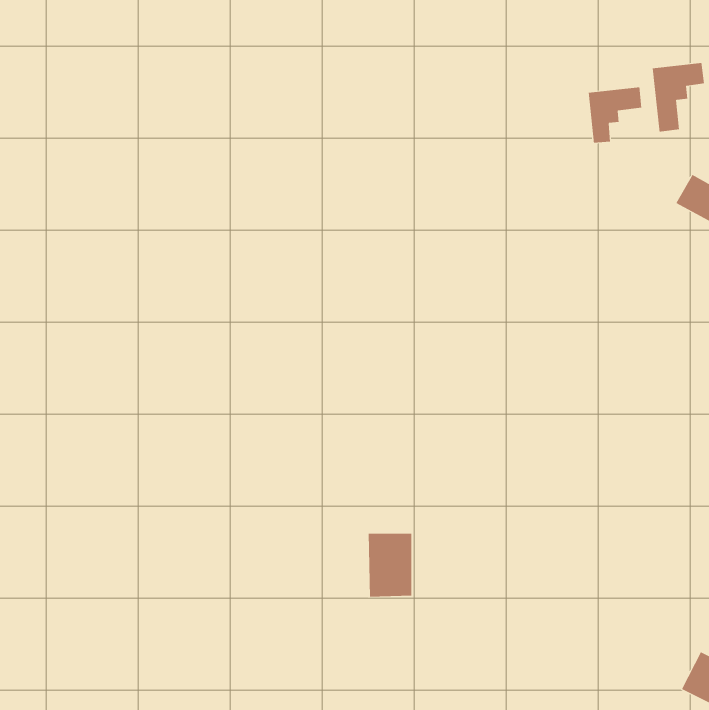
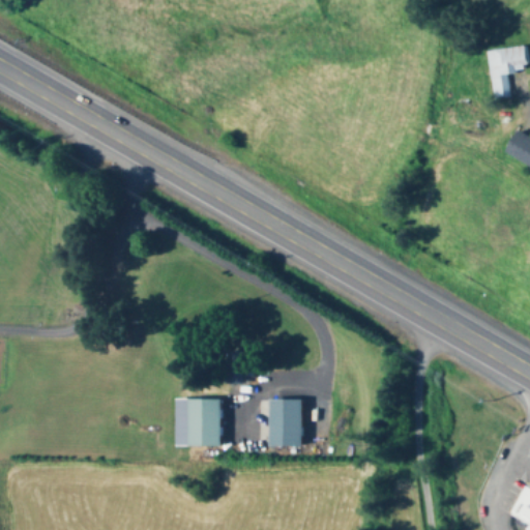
building: [588,87,642,144] -> none
building: none -> [174,399,220,446]

